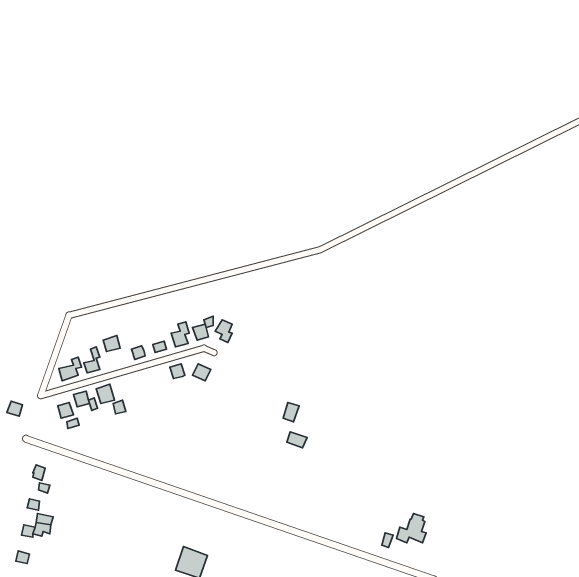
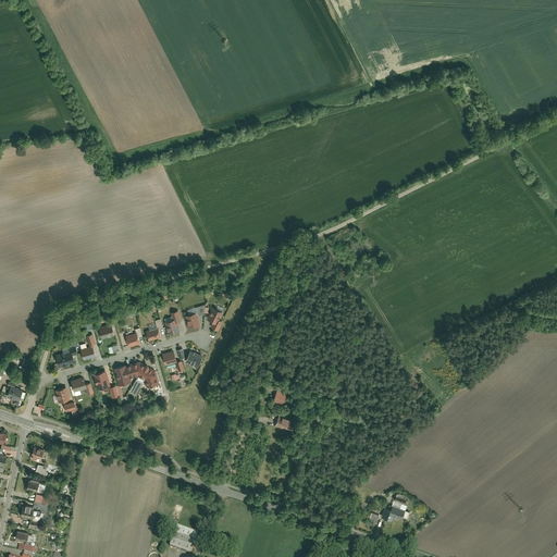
building: none -> [114,363,159,388]

